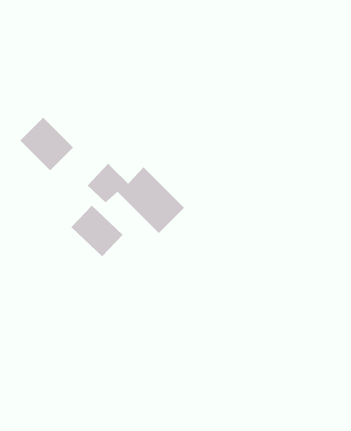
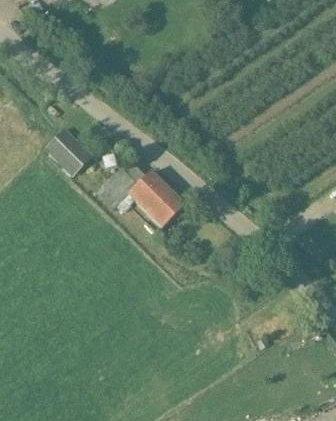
building: [71,205,123,257] -> none

